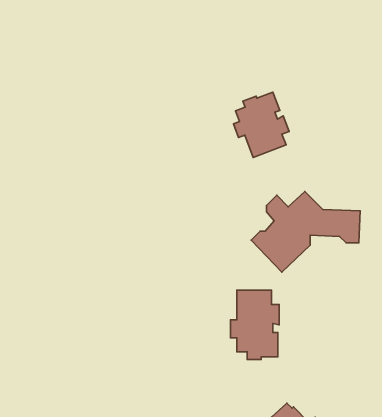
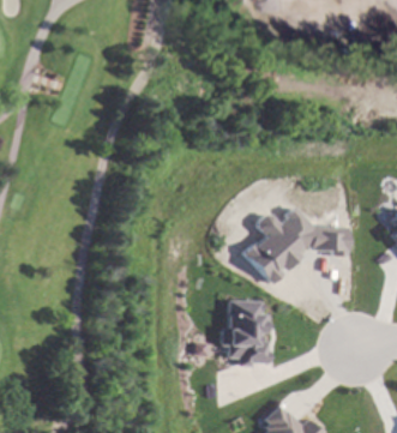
building: [233,92,289,157] -> none

